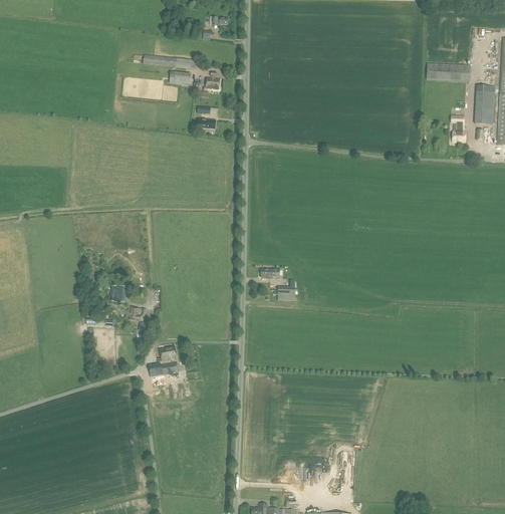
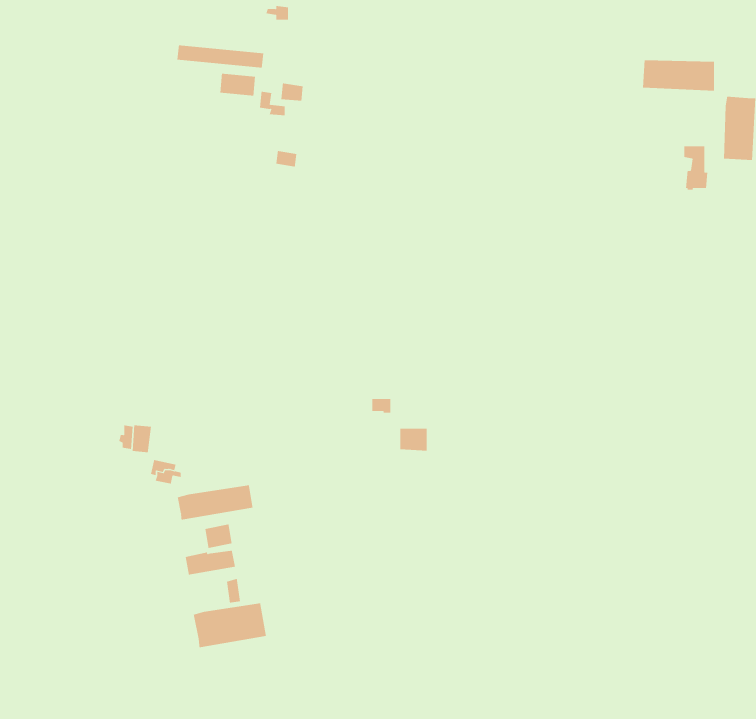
building: none -> [177,484,253,521]
building: none -> [193,603,267,648]

